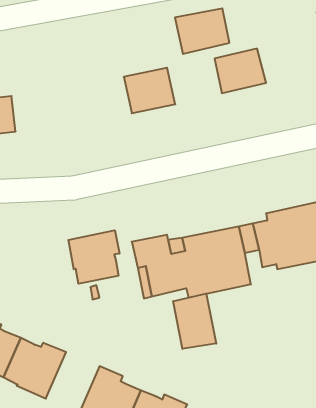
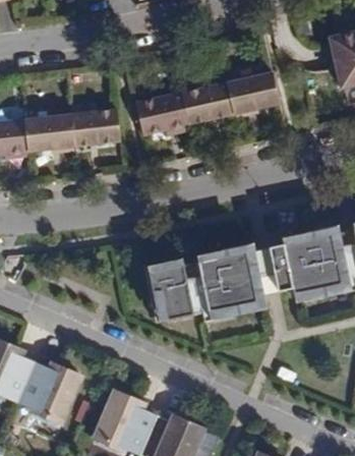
building: [175,8,229,54] -> [182,80,237,126]
building: none -> [25,106,124,154]
building: [68,230,119,284] -> none
building: [173,294,216,349] -> none

